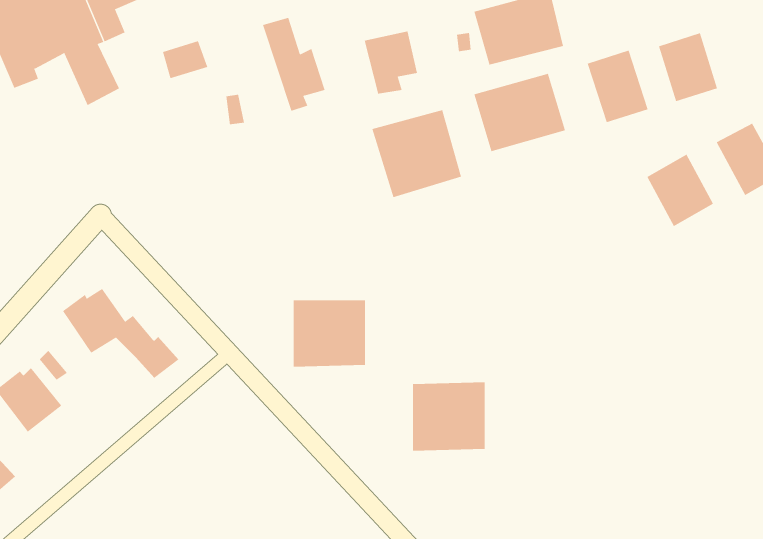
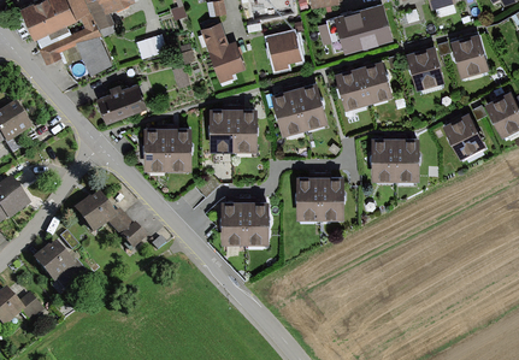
building: none -> [96,87,148,129]
building: none -> [207,107,254,151]
building: none -> [142,129,190,173]
building: none -> [371,136,418,178]
building: [412,382,485,451] -> [295,175,341,218]

